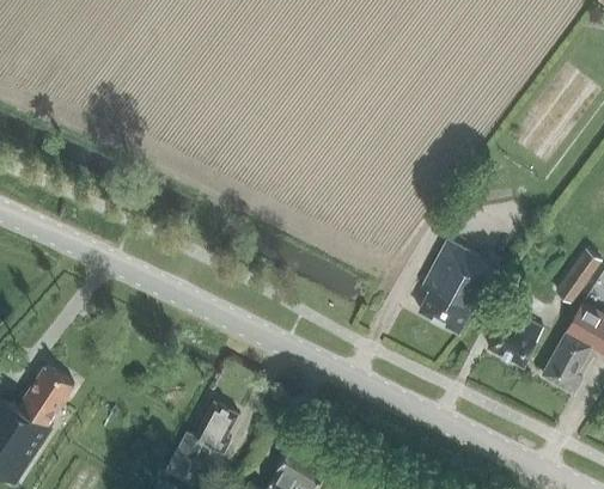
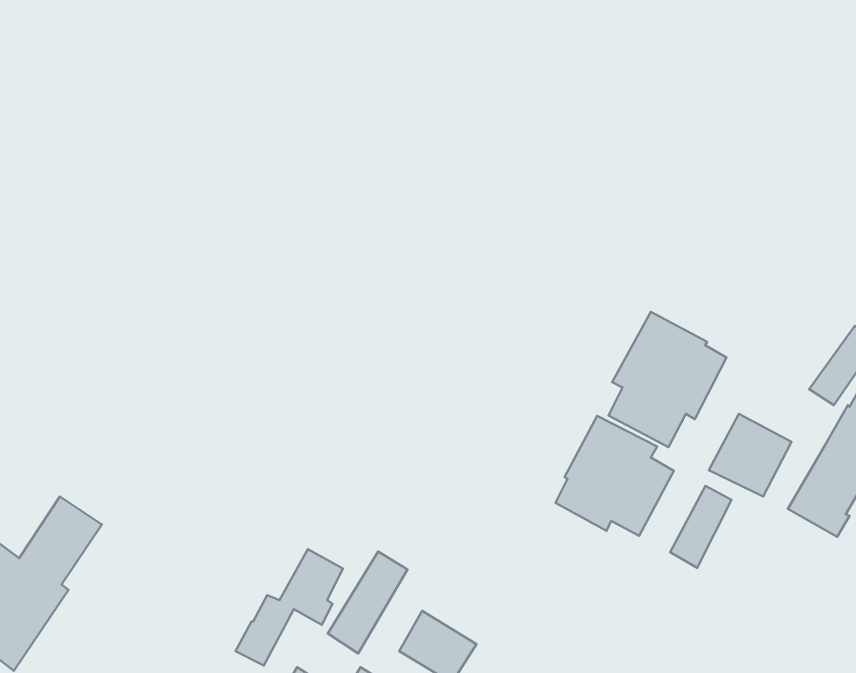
building: none -> [556,416,674,536]
building: none -> [670,486,732,568]
building: none -> [328,551,408,654]

